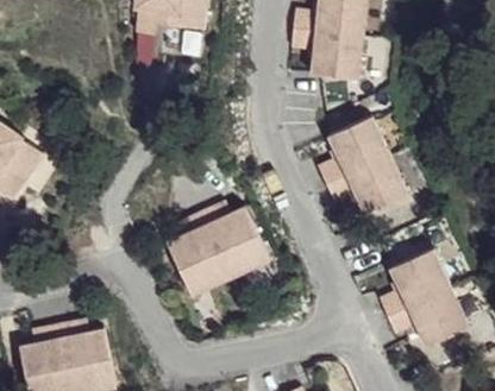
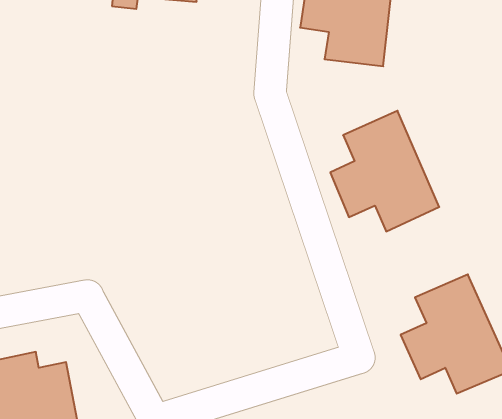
building: [167,208,271,299] -> none

